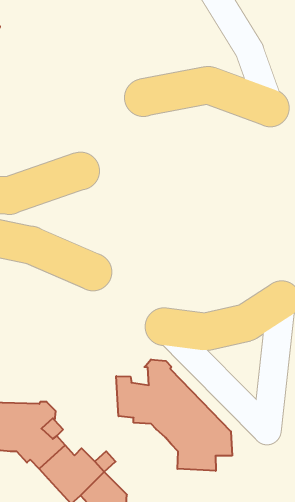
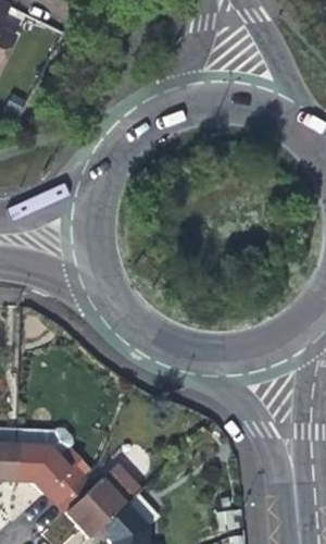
building: [116,359,232,471] -> none

